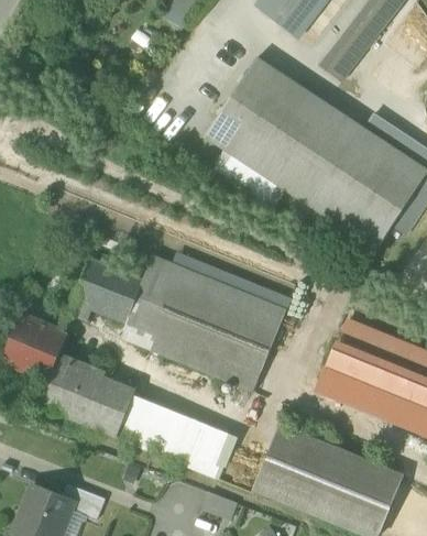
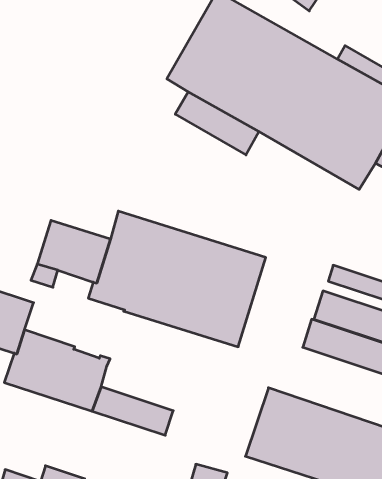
building: [127,396,234,479] -> none

